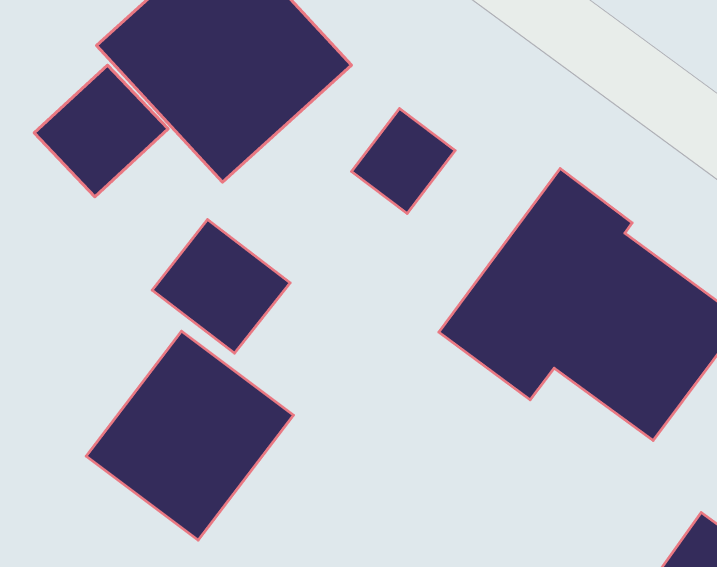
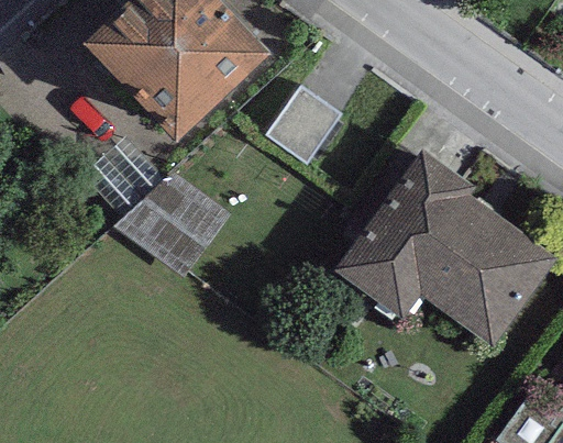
building: [34,65,168,197] -> none
building: [86,331,294,540] -> none

